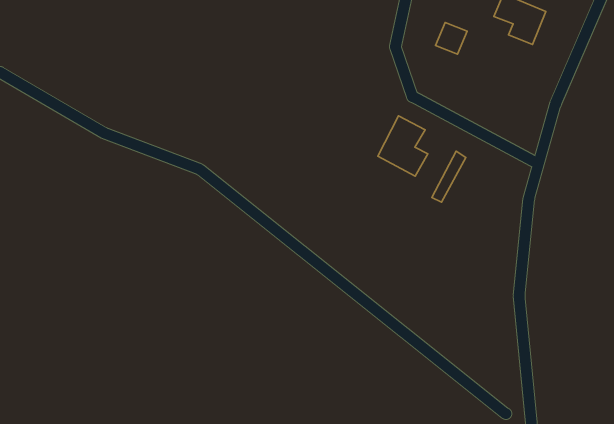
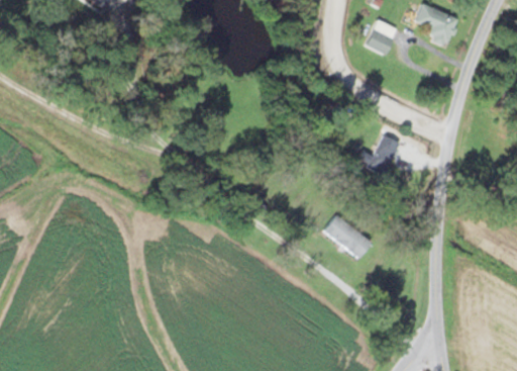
building: [378,116,428,176] -> none
building: none -> [324,213,372,259]

